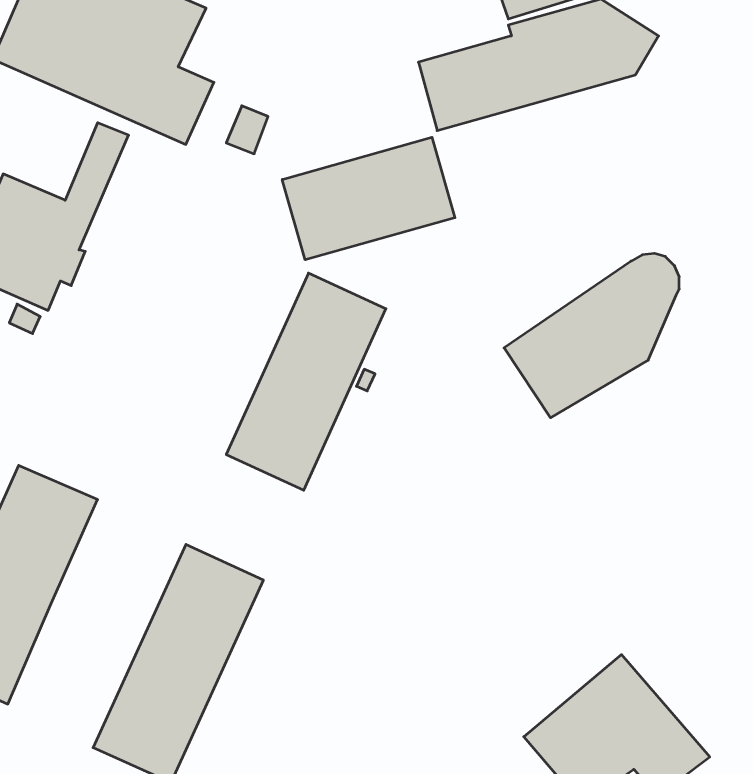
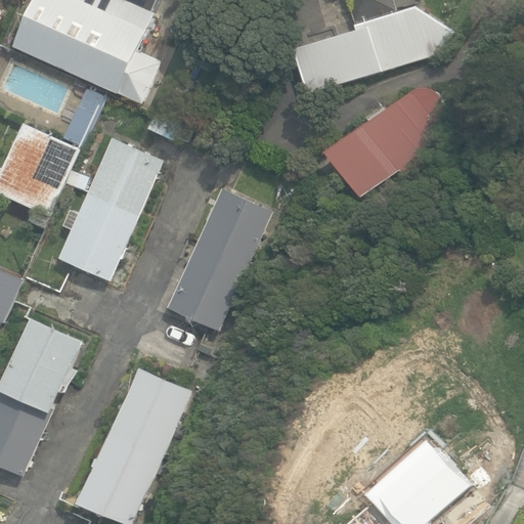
building: [282,137,455,260] -> none
building: none -> [58,136,164,280]
building: [504,253,679,418] -> [328,88,443,196]

